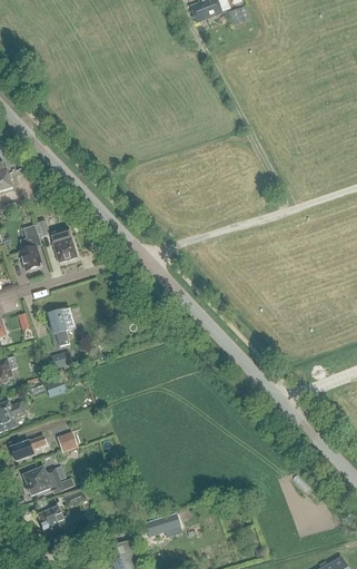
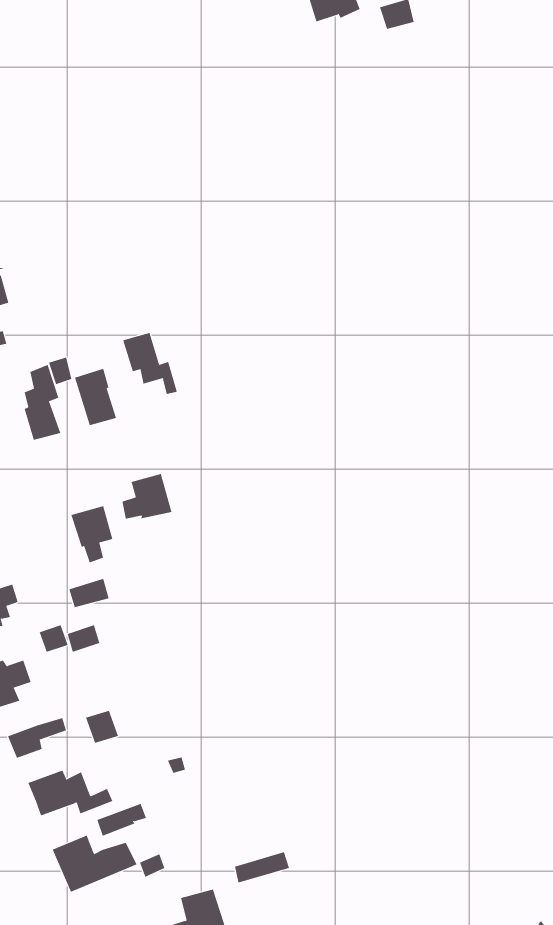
building: none -> [123,332,177,395]
building: none -> [122,473,172,520]

